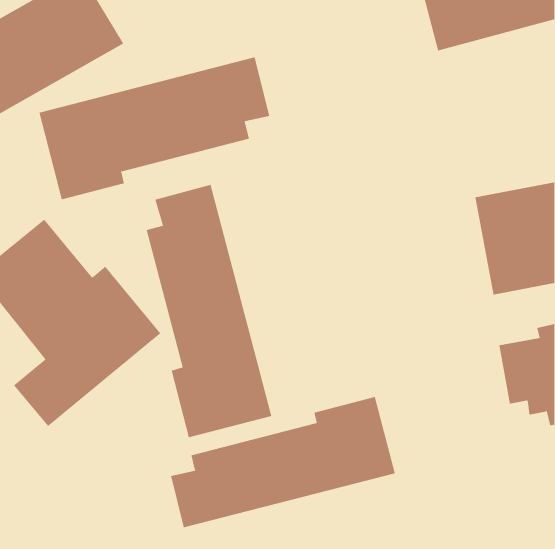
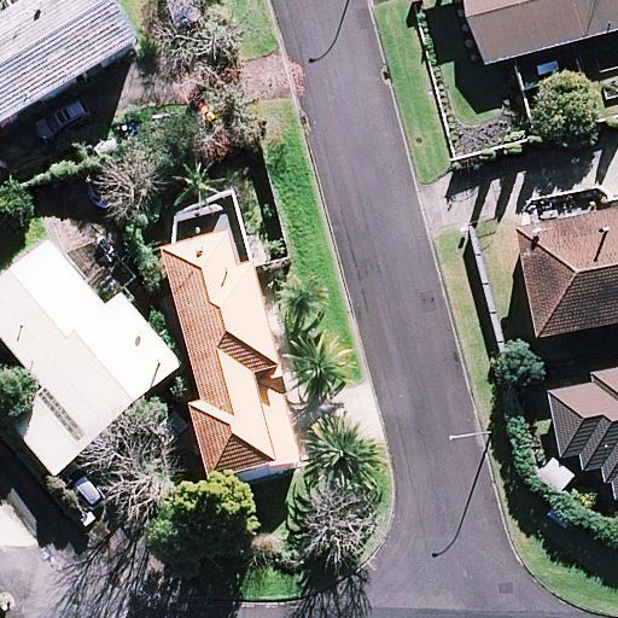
building: [39,57,270,200] -> none
building: [170,396,395,528] -> none

